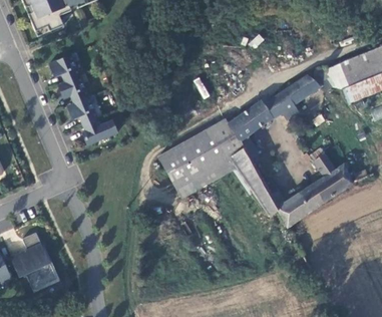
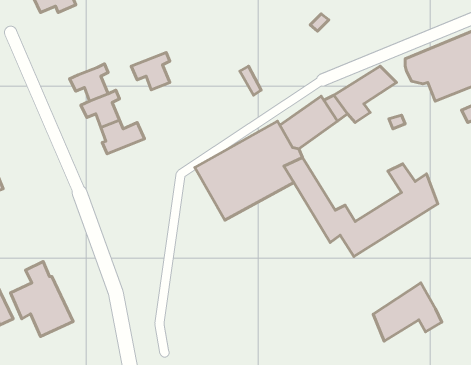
building: [48,52,79,82] -> [131,52,170,90]
building: none -> [373,283,442,341]

